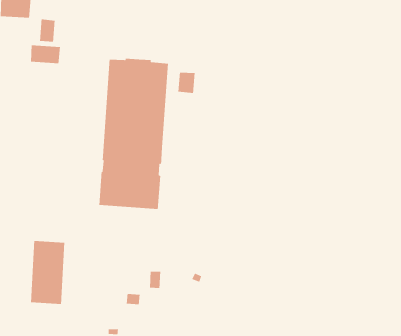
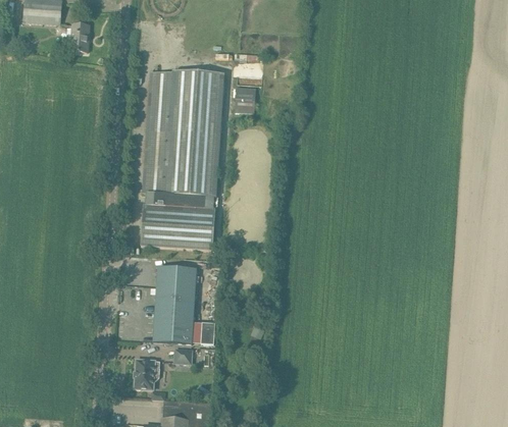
building: [30,44,61,64] -> none
building: [30,240,65,305] -> [153,267,195,343]
building: none -> [134,360,158,389]

